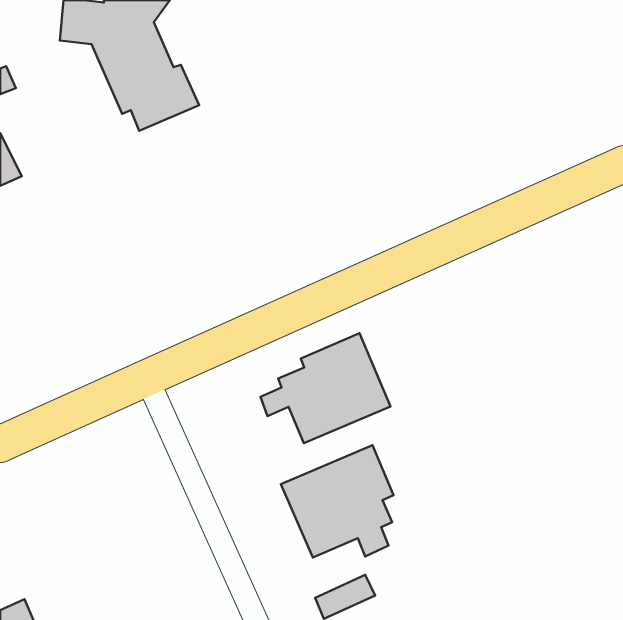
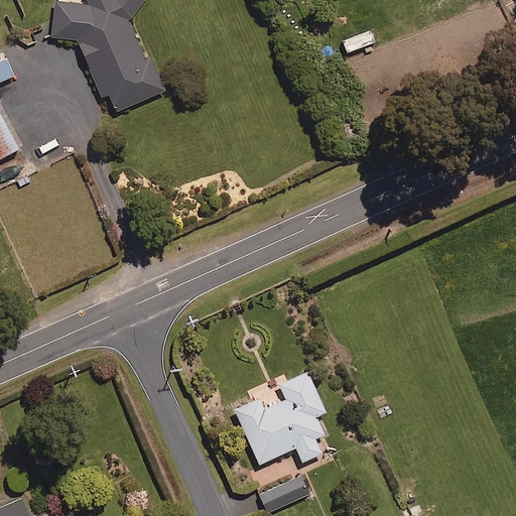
building: [260,333,391,443] -> none

